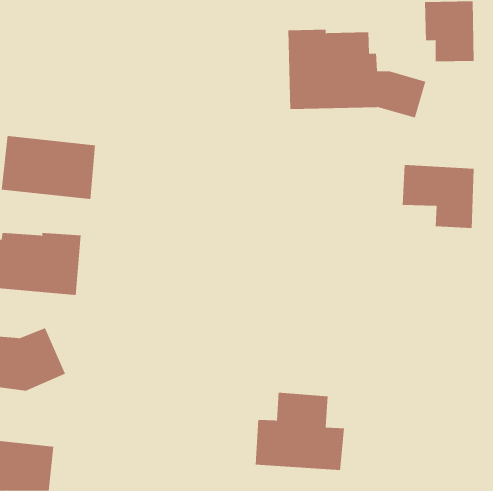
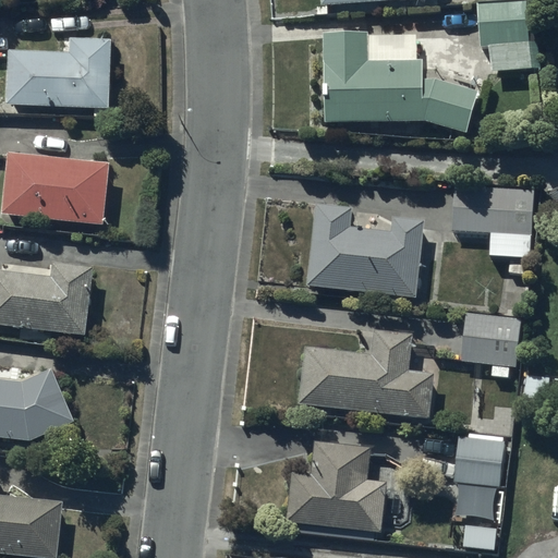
building: none -> [9,39,110,106]
building: none -> [307,203,422,293]
building: none -> [462,313,520,376]
building: none -> [300,329,434,414]
building: none -> [454,437,505,517]

